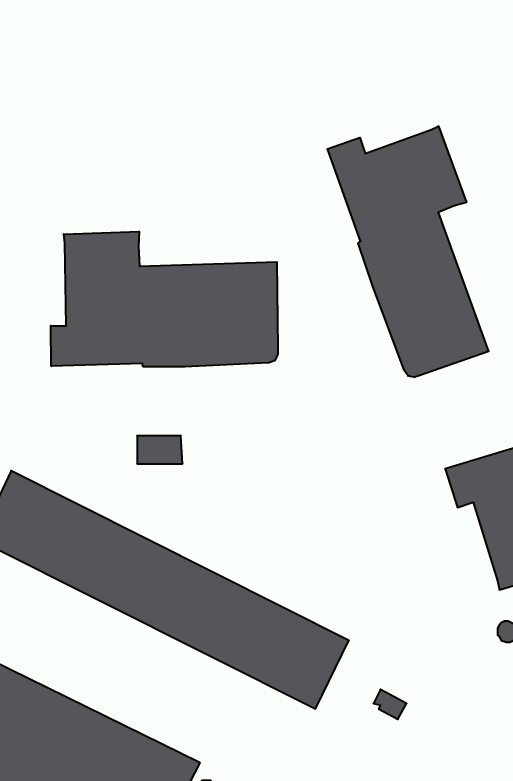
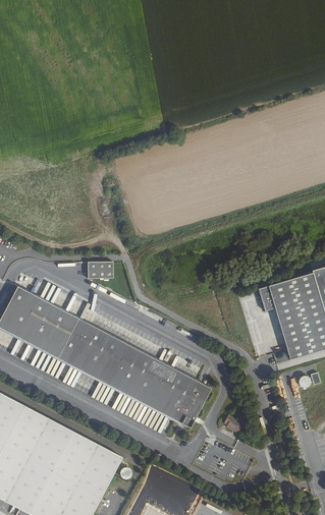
building: [327,126,489,377] -> none
building: [51,231,278,367] -> none

